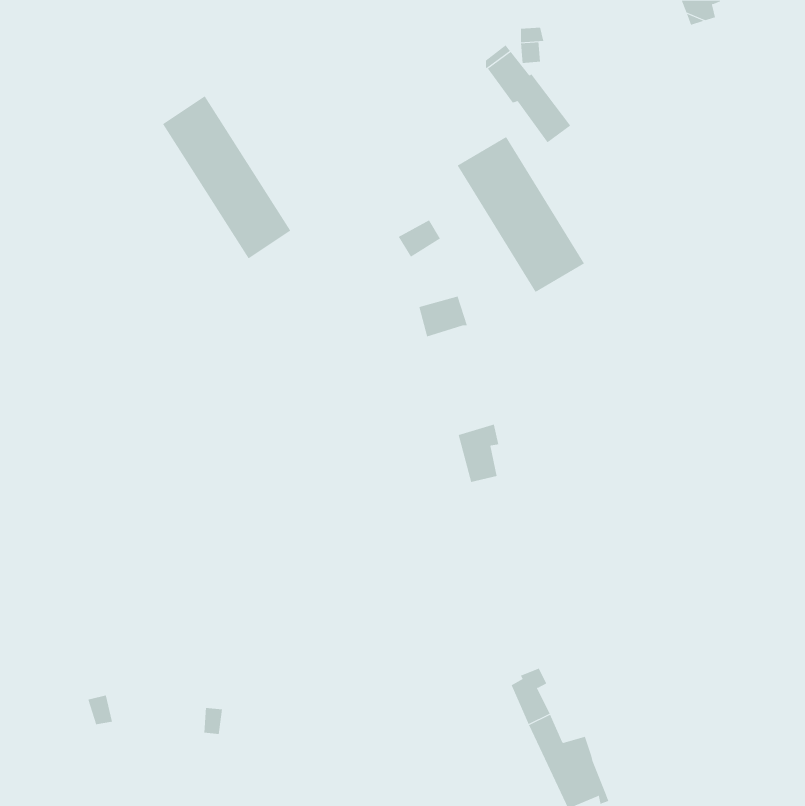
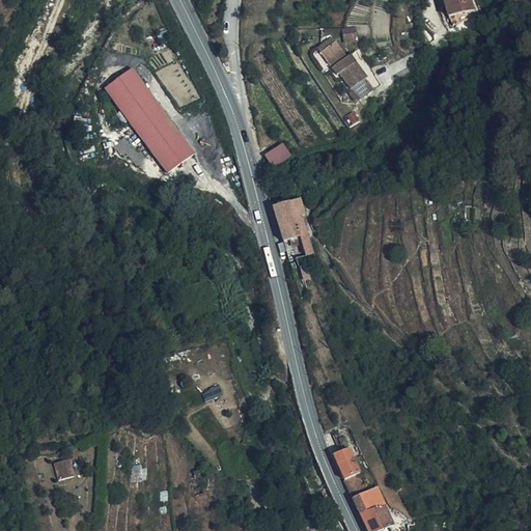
building: [457,136,585,293] -> none
building: [458,424,499,483] -> [278,217,305,255]

